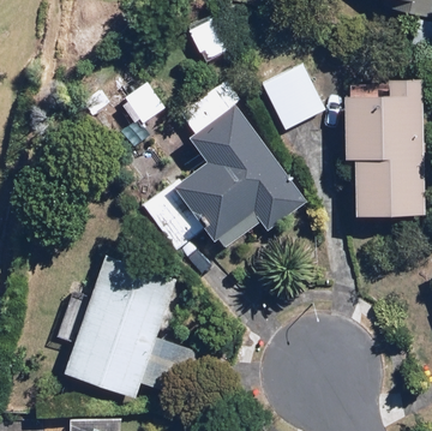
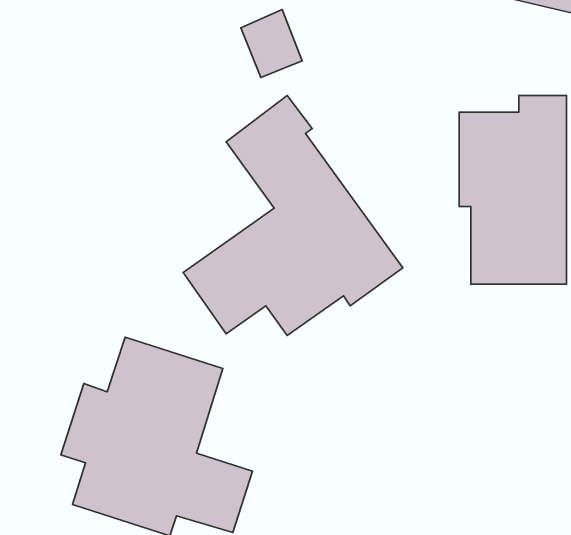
building: [260,64,324,131] -> none

